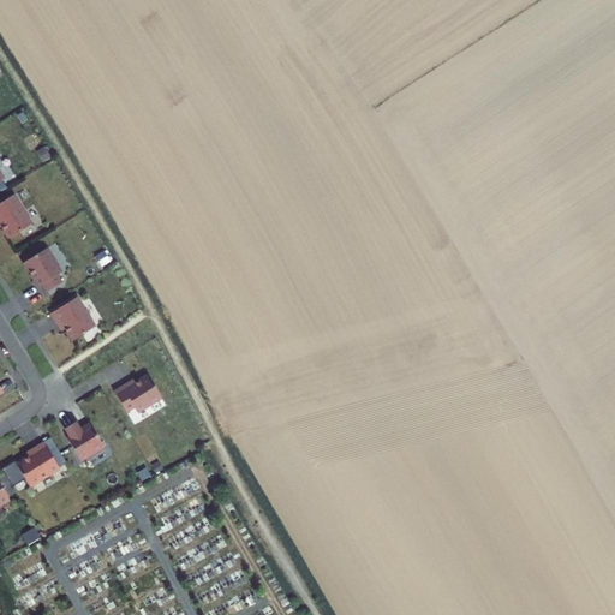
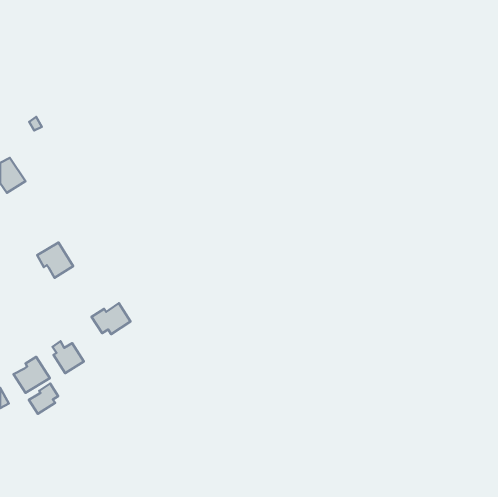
building: [23,247,61,291] -> none
building: none -> [29,384,58,414]

